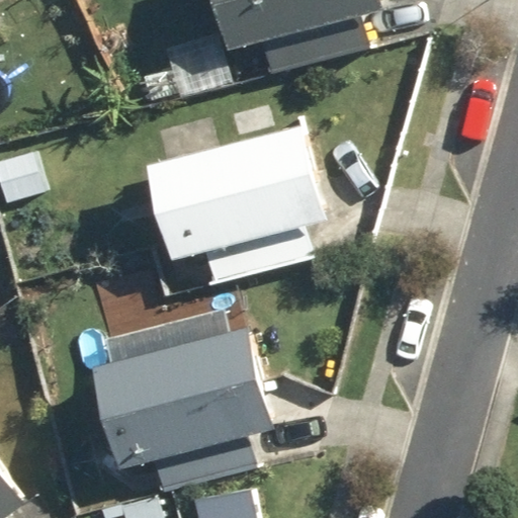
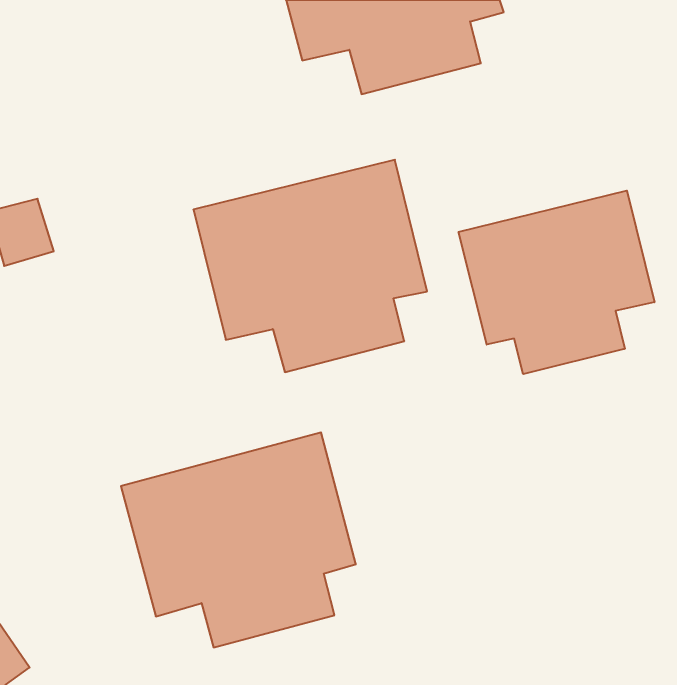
building: none -> [459,191,654,374]

